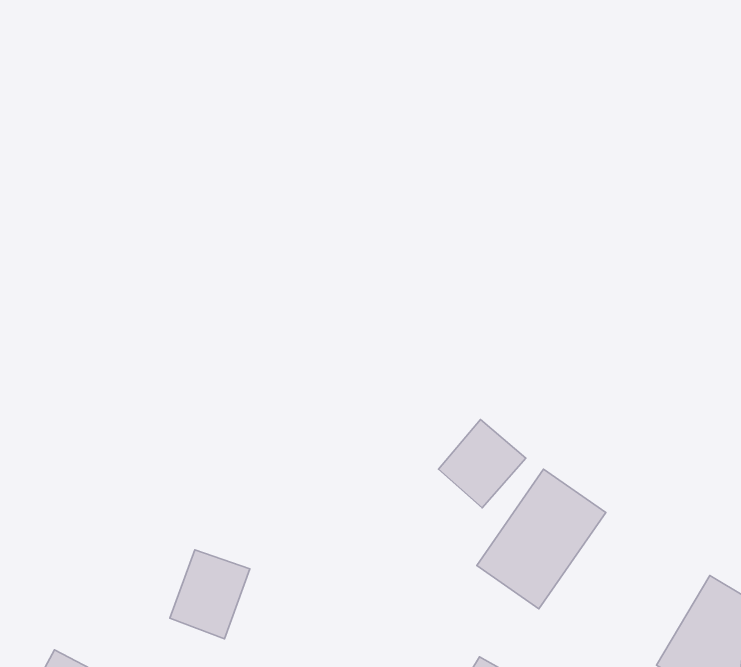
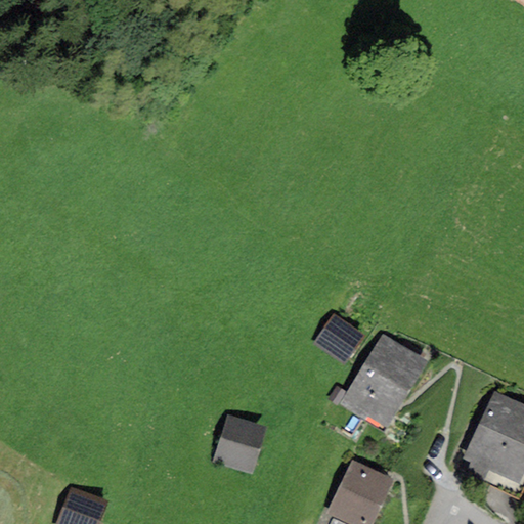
building: [170,550,250,639] -> [216,417,265,473]

